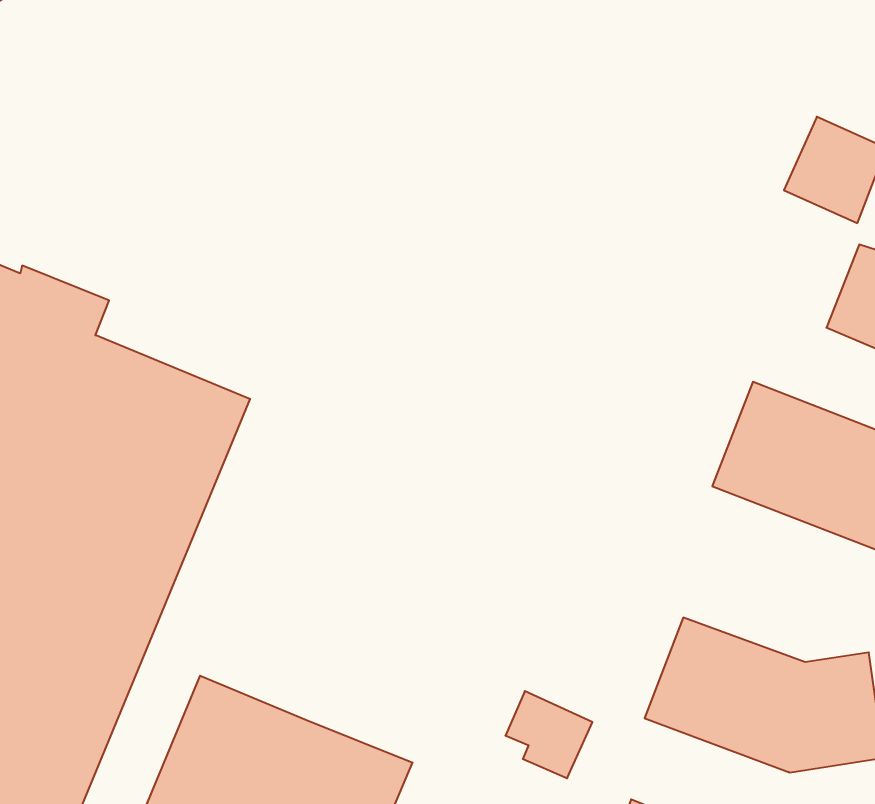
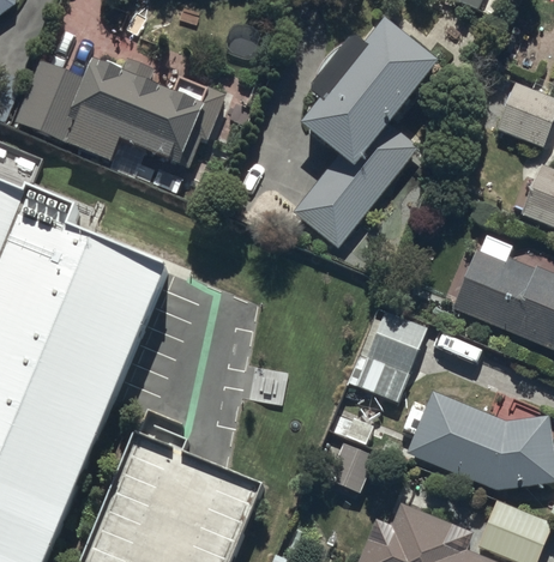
building: none -> [296,17,440,249]
building: none -> [17,56,228,169]
building: none -> [349,310,428,403]

